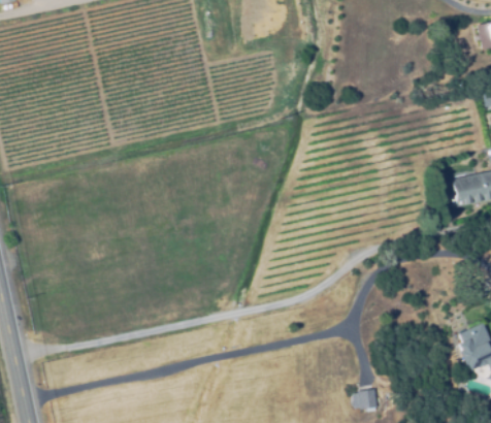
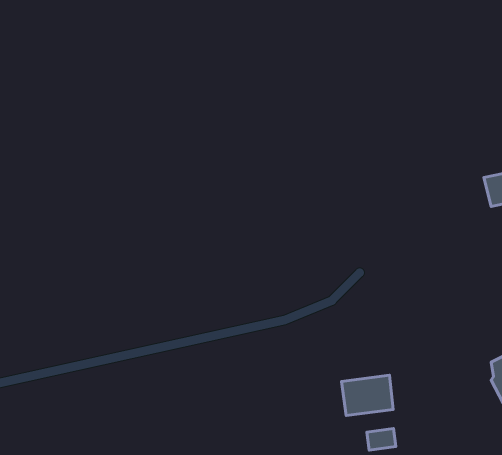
building: none -> [342,375,393,416]

